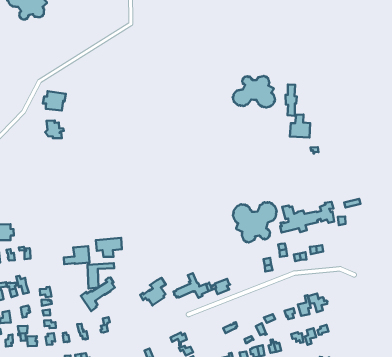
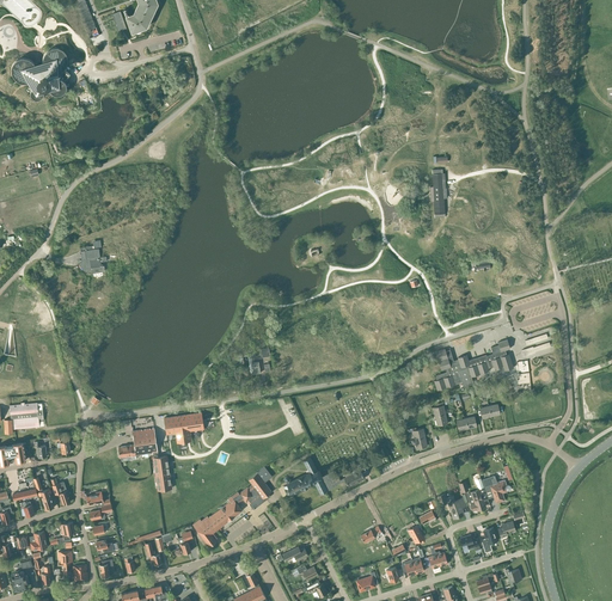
building: [233,76,275,108] -> none
building: [43,91,66,110] -> none
building: [290,114,310,138] -> none
building: [233,202,277,242] -> none
building: [81,277,115,311] -> [192,495,241,546]

